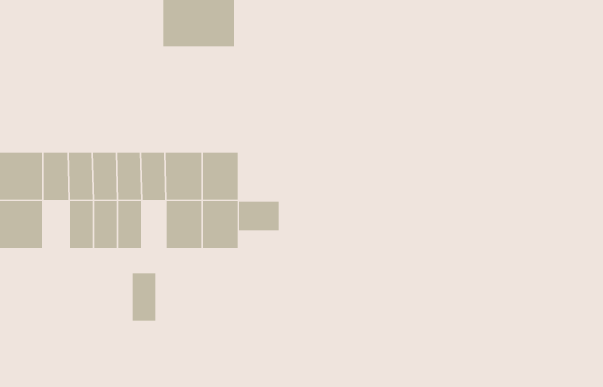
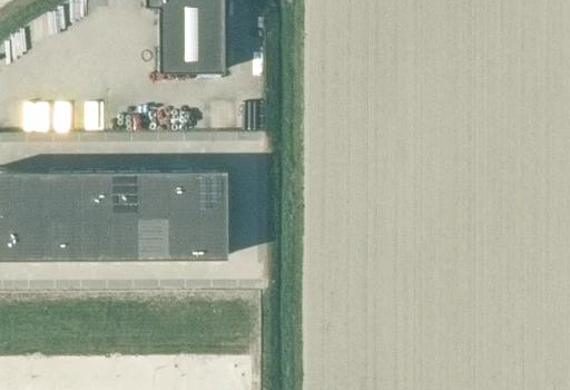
building: none -> [47,216,71,261]
building: [238,201,279,231] -> none
building: [132,273,156,321] -> [138,216,160,261]

